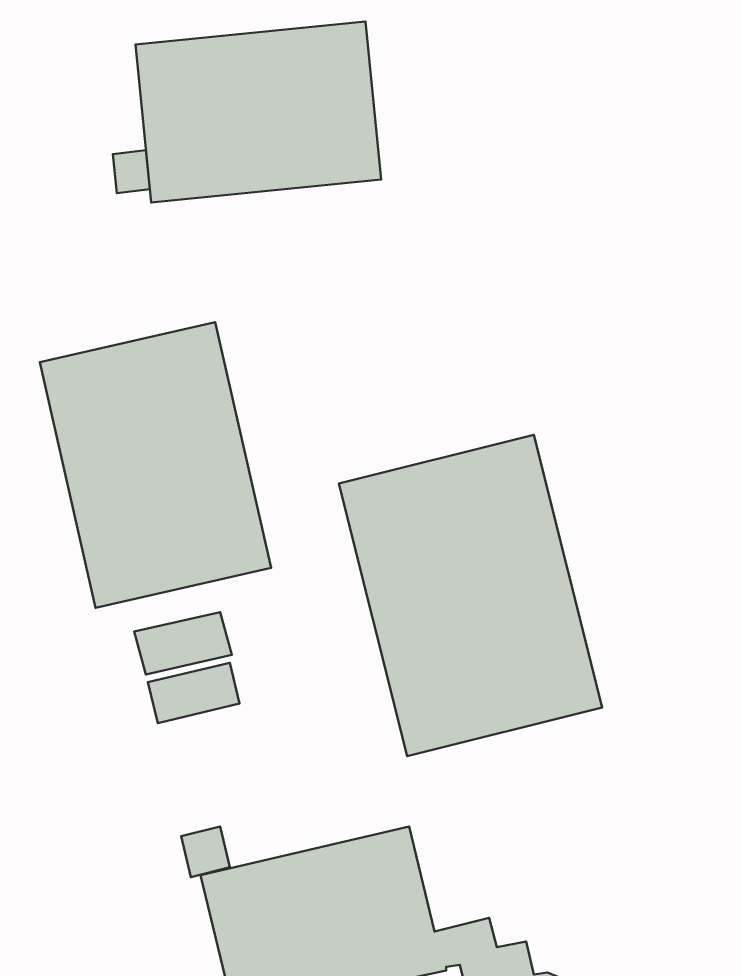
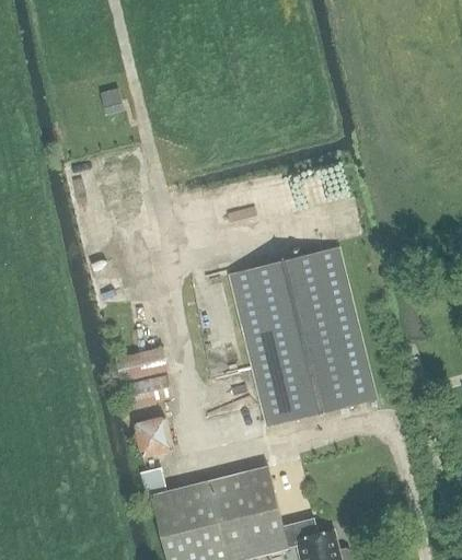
building: [135,22,381,202] -> none
building: [40,322,271,608] -> none
building: none -> [132,413,170,455]

